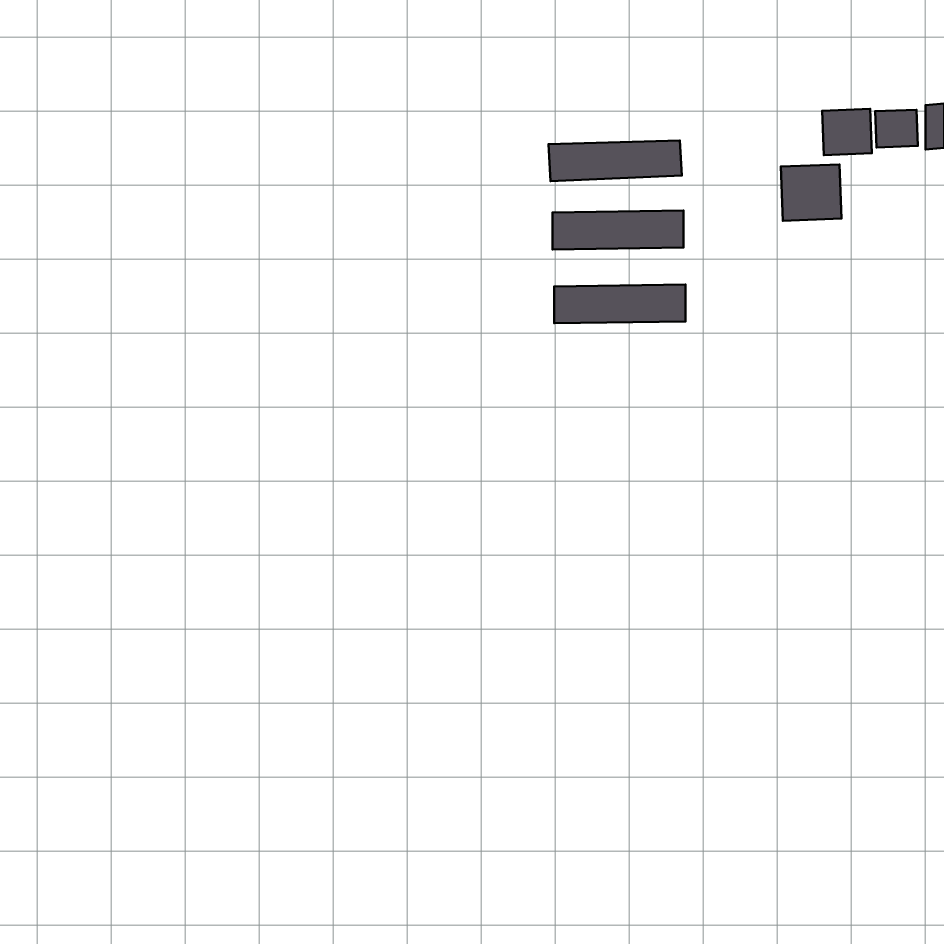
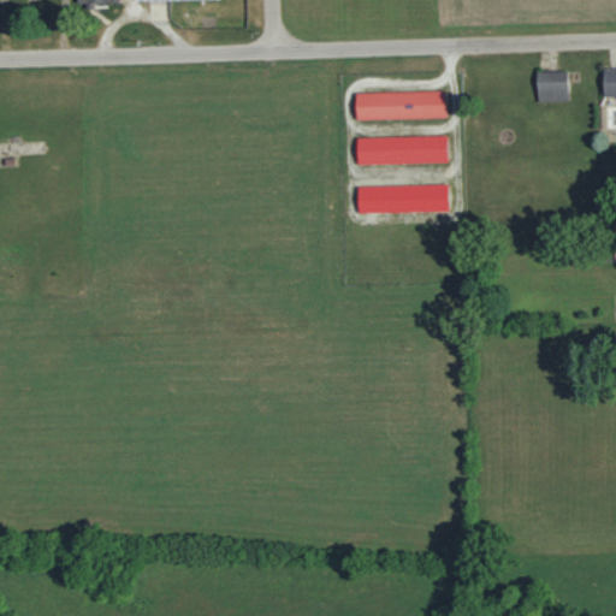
building: [875,110,918,147] -> none
building: [781,164,842,221] -> none

